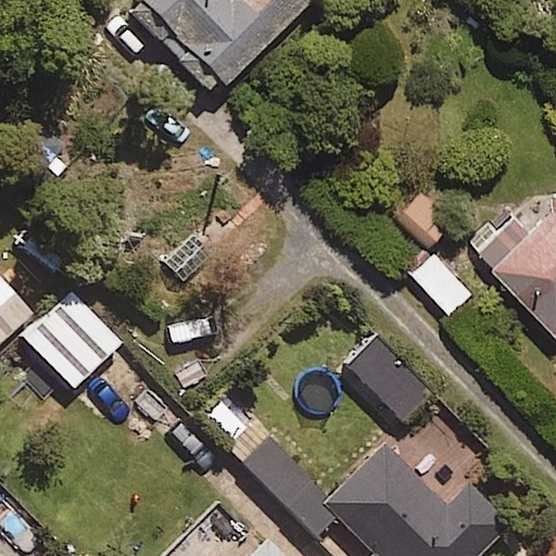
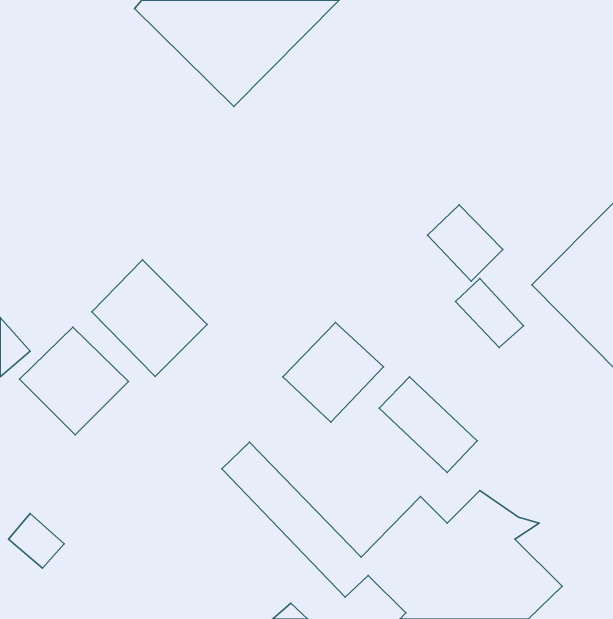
building: none -> [92,260,207,376]
building: none -> [283,322,383,422]

